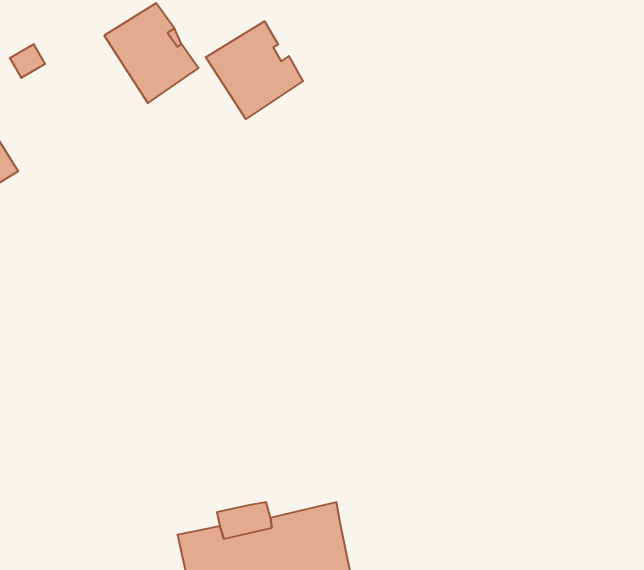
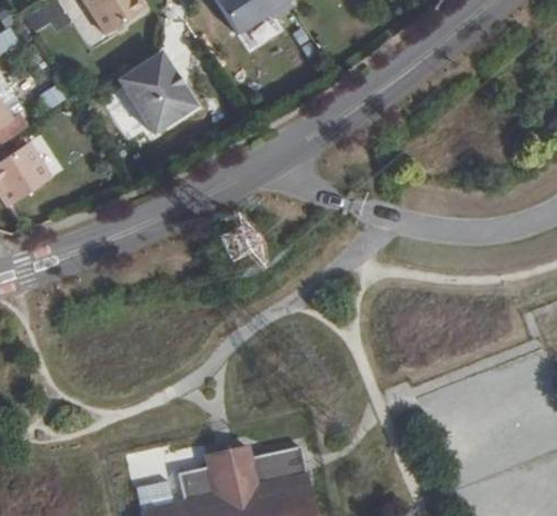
building: [206,21,303,119] -> none

